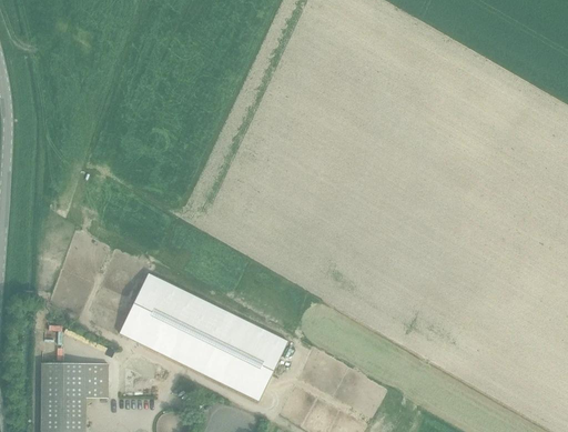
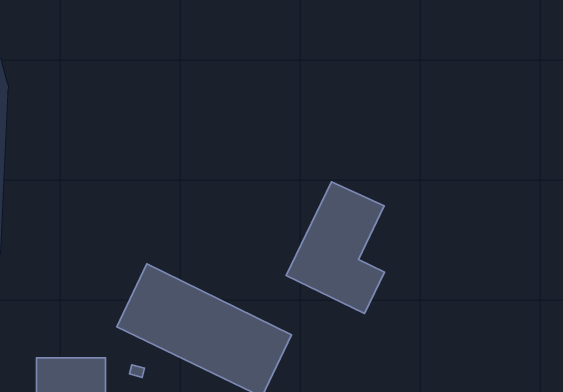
building: none -> [286,182,385,314]

